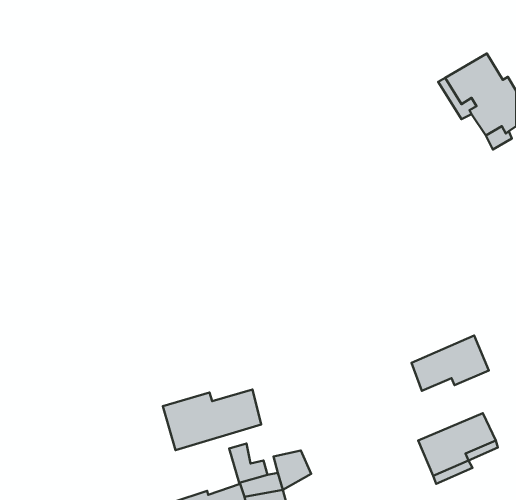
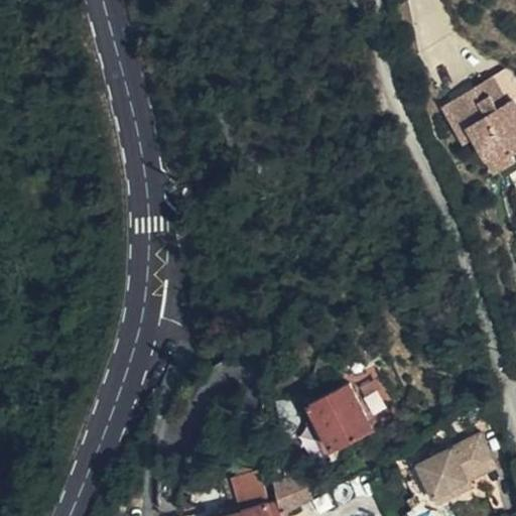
building: [411,336,489,391] -> none
building: none -> [311,374,370,439]
building: [163,390,261,450] -> none

